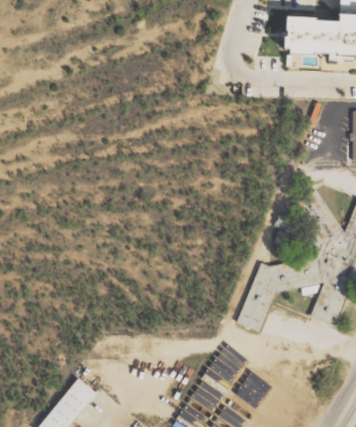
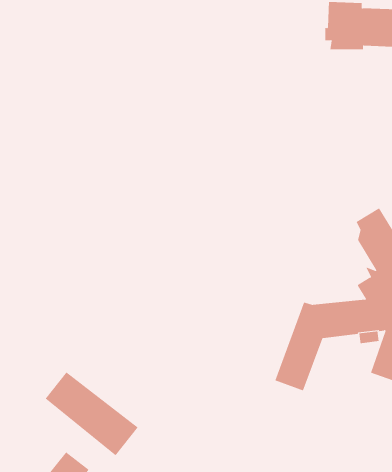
building: none -> [45,372,138,456]

